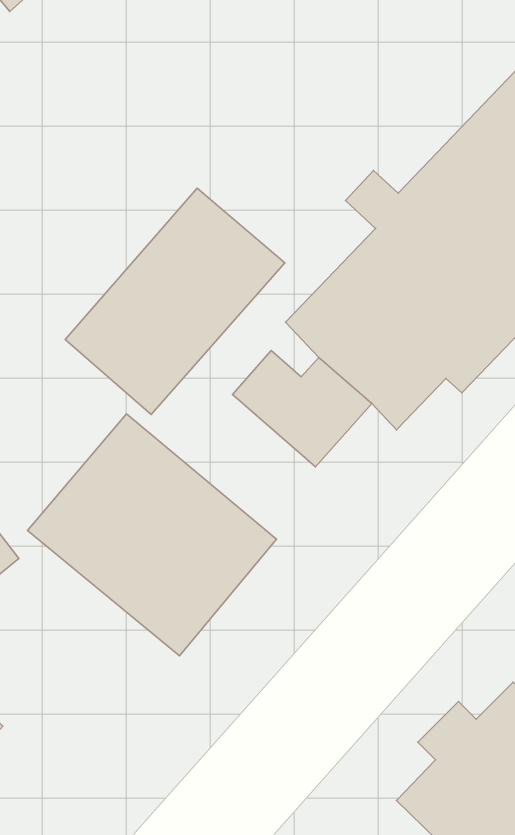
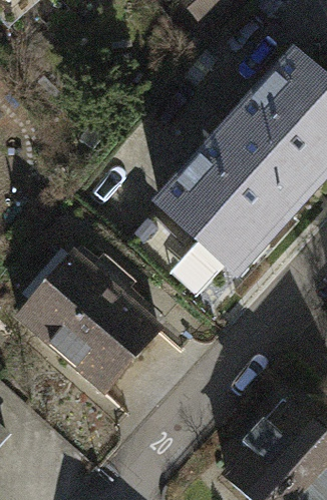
building: [65,188,285,415] -> none

